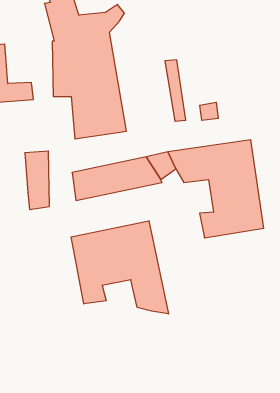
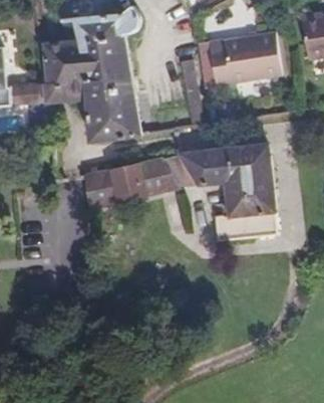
building: none -> [203,31,277,86]
building: [25,151,49,209] -> [40,42,65,102]
building: [71,221,168,314] -> none

